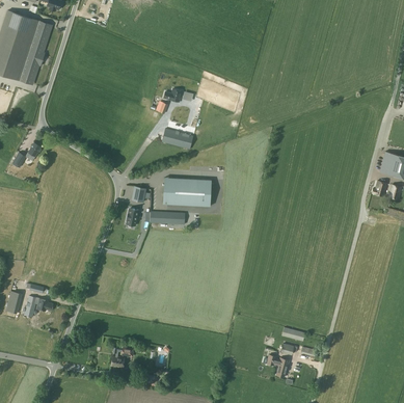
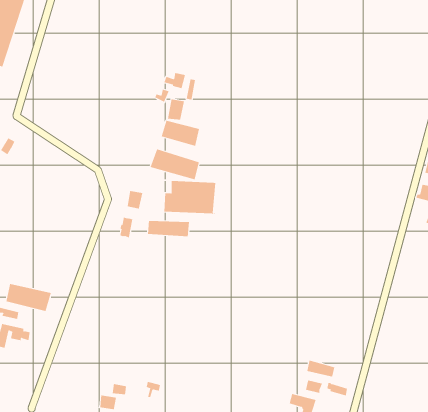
building: none -> [150,148,200,180]
building: none -> [6,283,52,312]

